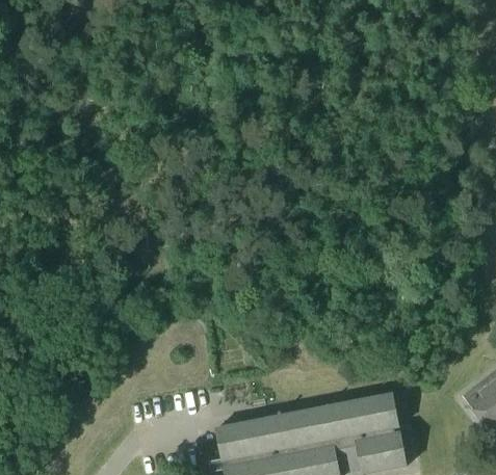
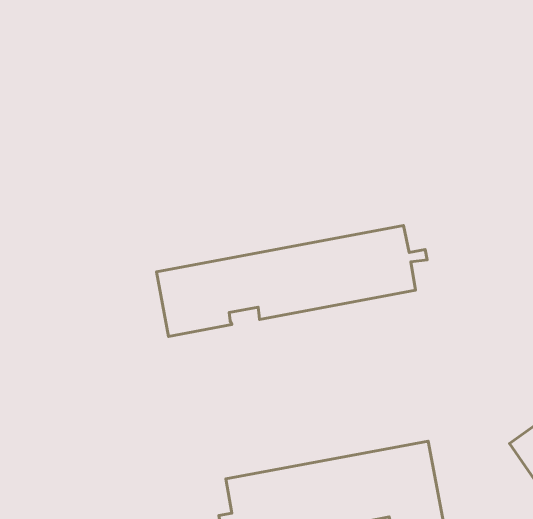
building: none -> [157,225,427,336]

